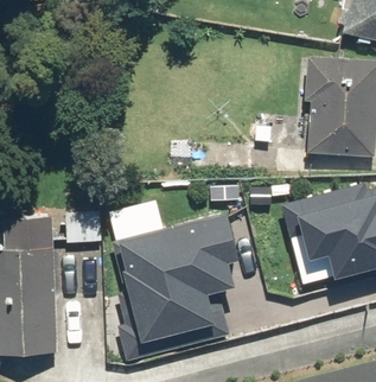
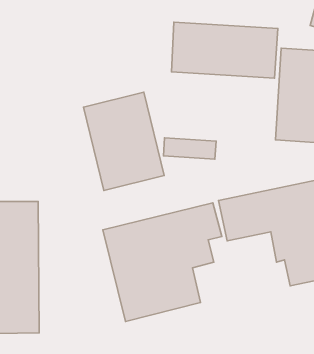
building: none -> [171,22,278,78]
building: none -> [84,92,164,191]

